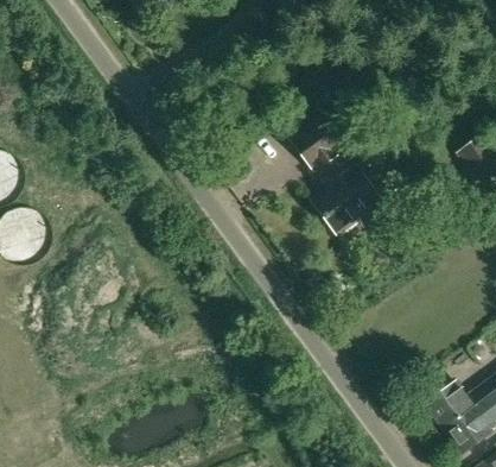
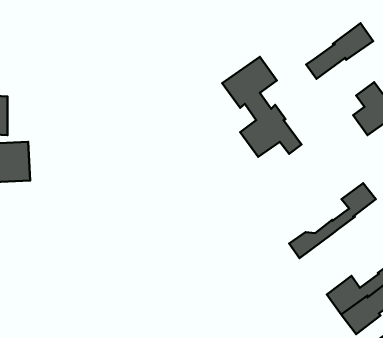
building: none -> [306,23,373,79]
building: none -> [289,183,376,258]

